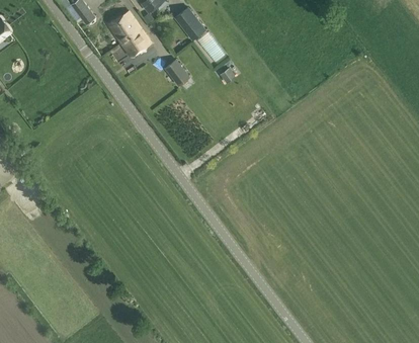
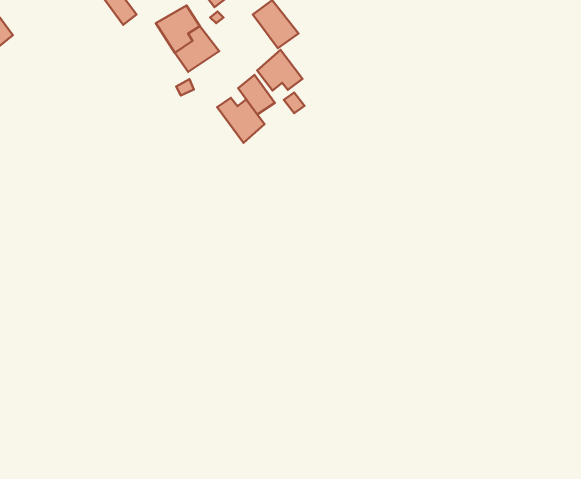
building: none -> [257,50,303,91]
building: none -> [217,98,264,143]

